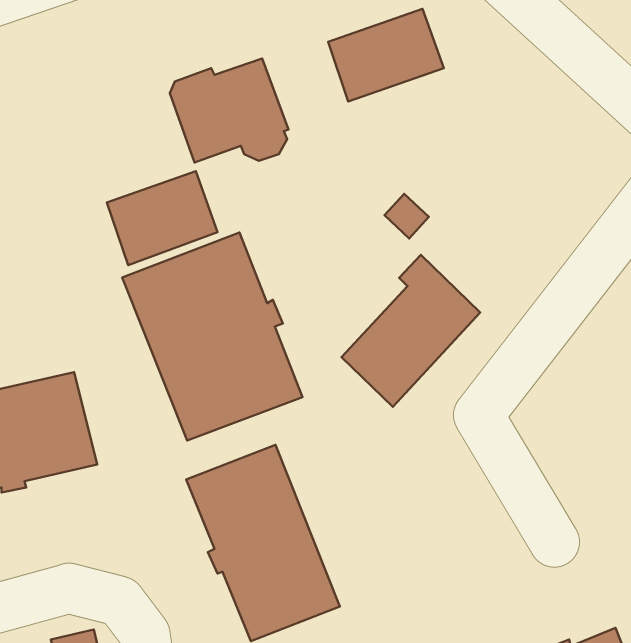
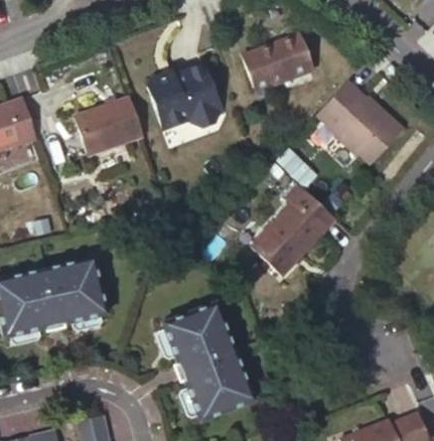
building: none -> [318,82,404,164]
building: [107,171,217,265] -> [76,96,143,153]
building: [122,233,303,441] -> none

